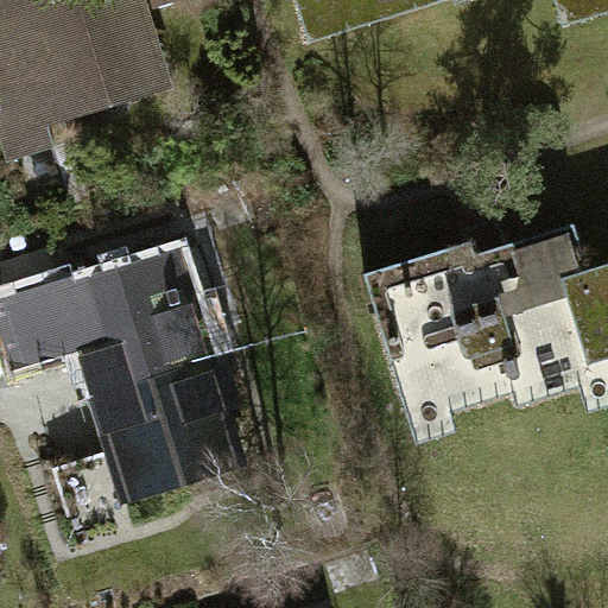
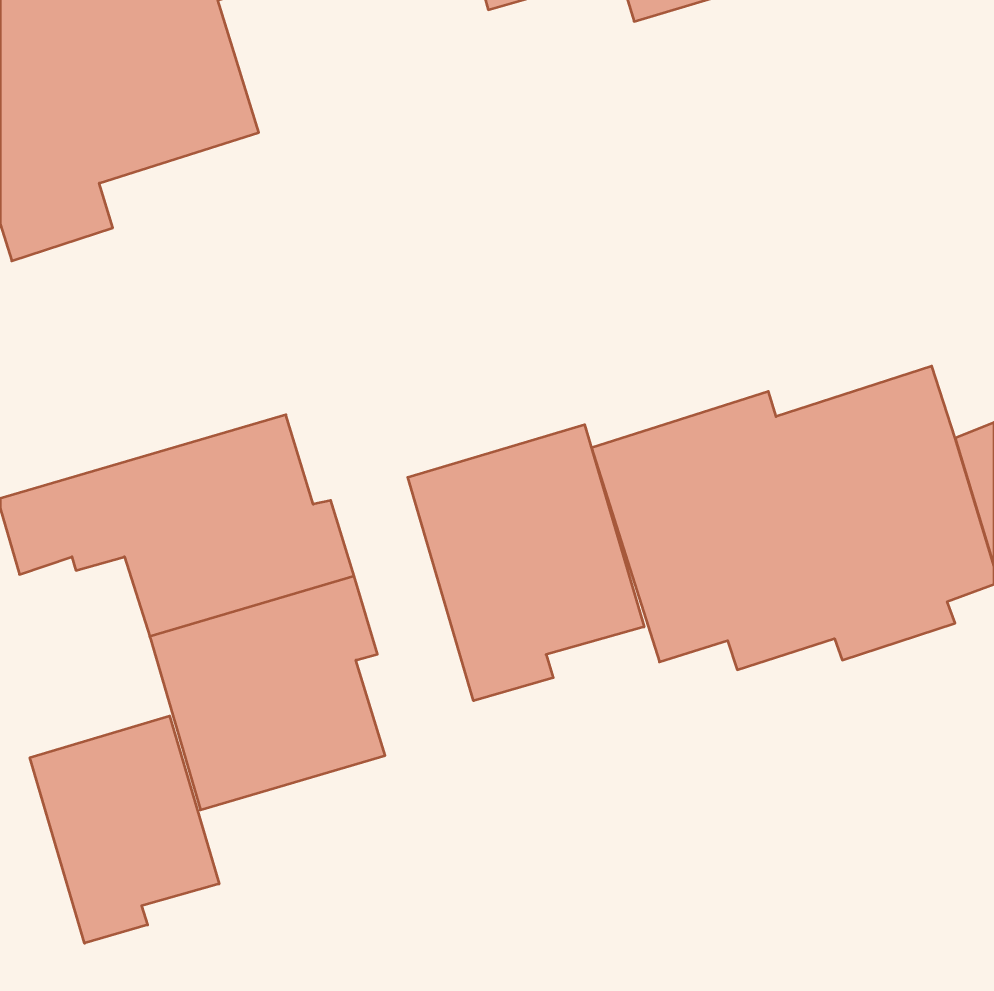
building: none -> [408,425,644,701]
building: none -> [30,716,219,943]

